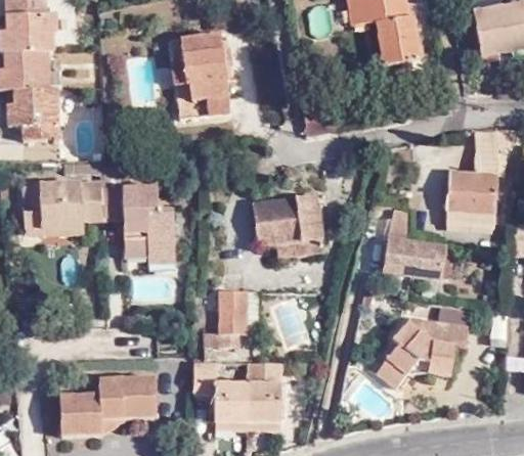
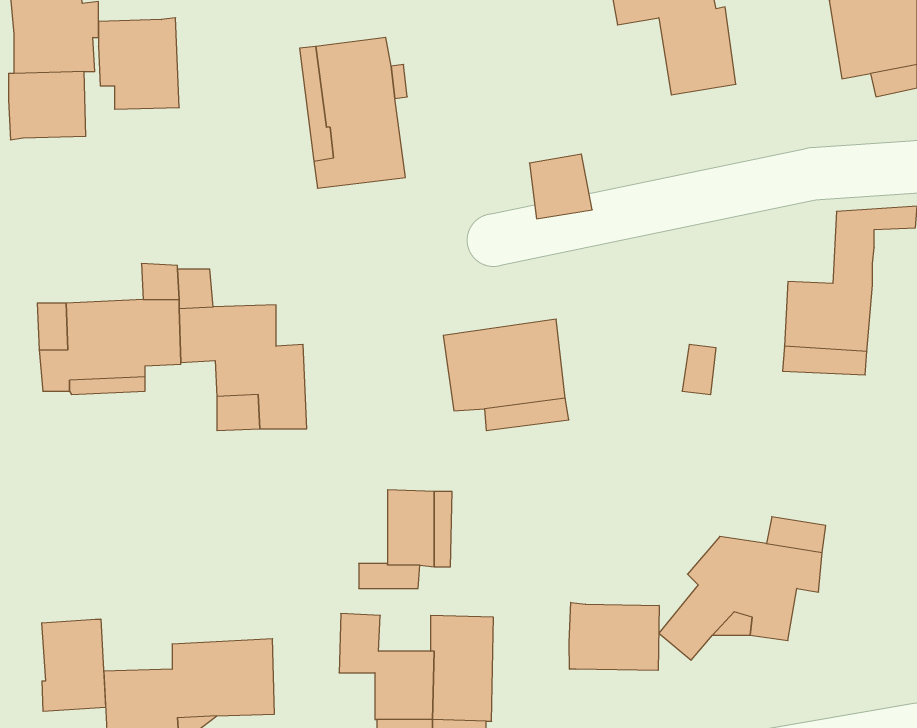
building: [13,88,59,140] -> [98,18,179,109]
building: [382,237,447,280] -> none
building: none -> [569,602,659,670]
building: none -> [42,619,106,711]

